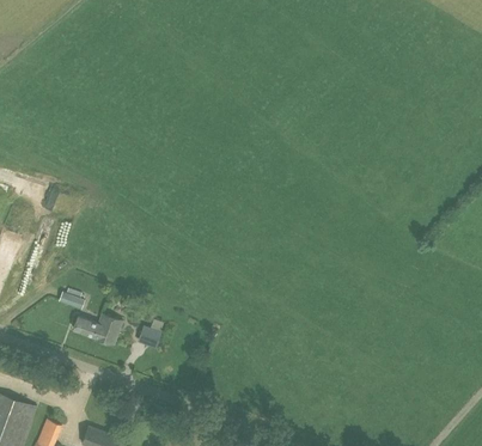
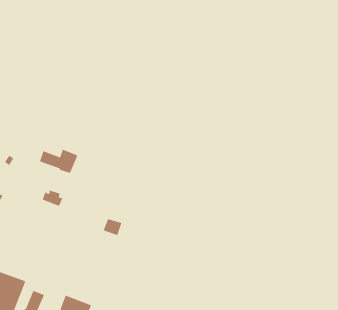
building: [73,313,123,346] -> [39,149,78,174]

